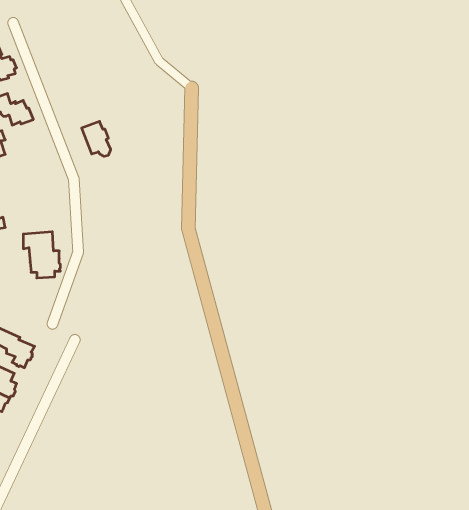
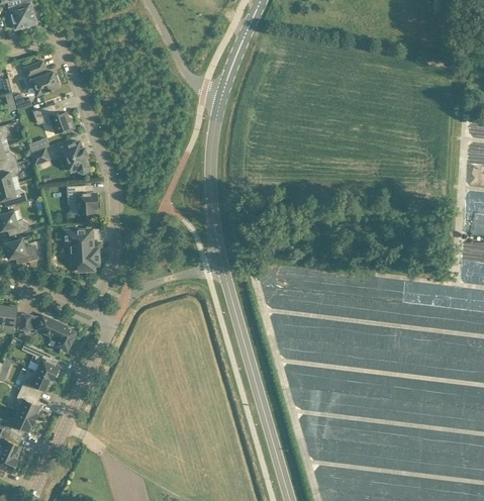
building: [82,121,111,156] -> [63,141,89,173]
building: none -> [68,186,98,213]

